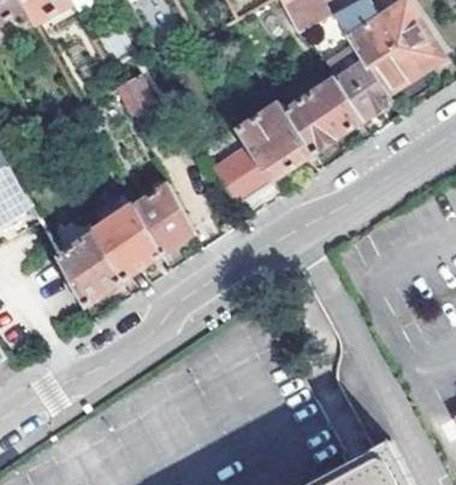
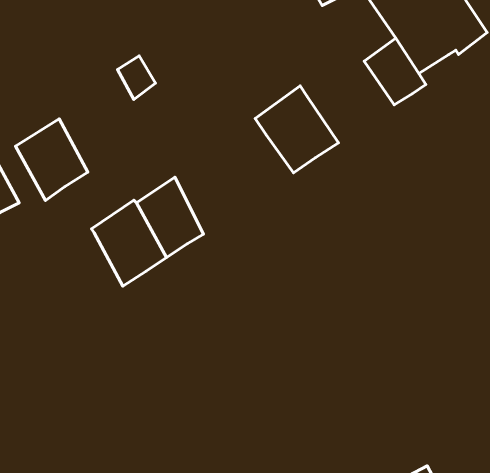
building: [284,78,361,154] -> none
building: [212,147,272,205] -> none
building: [58,233,122,306] -> [15,119,88,201]

